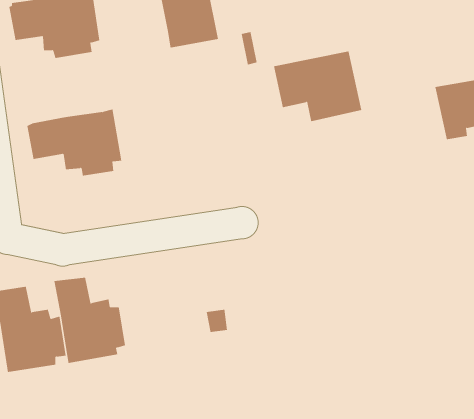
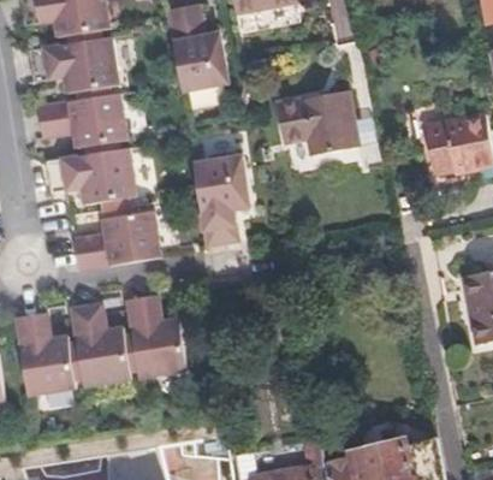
building: none -> [40,91,126,153]
building: none -> [191,152,250,242]
building: none -> [73,203,158,268]
building: none -> [129,291,185,373]

